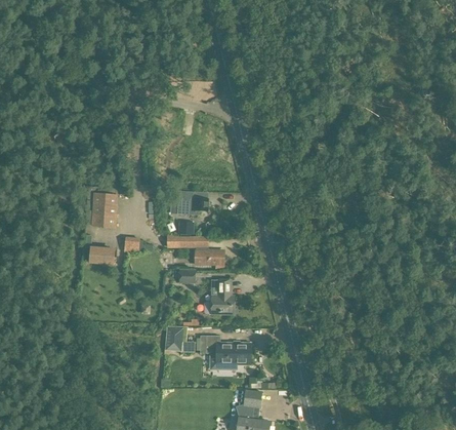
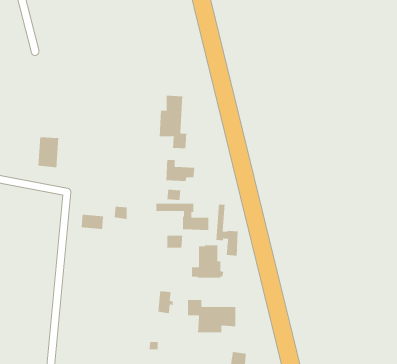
building: none -> [159,95,187,149]
building: [93,194,116,227] -> [37,136,59,168]
building: none -> [215,204,238,256]

